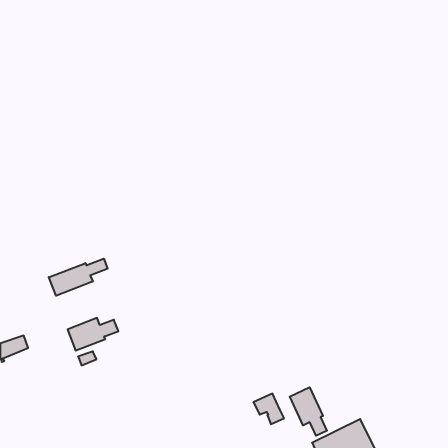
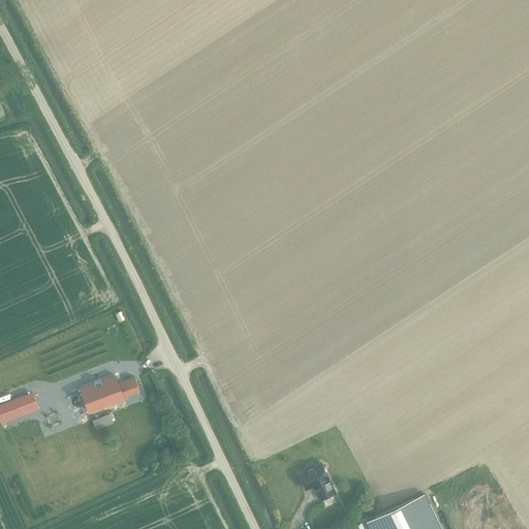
building: [49,259,108,296] -> none
building: [290,387,327,436] -> none

